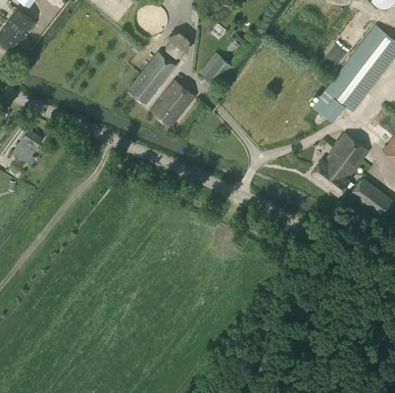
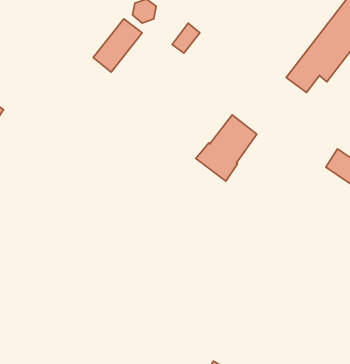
building: [149,80,194,127] -> none
building: [309,133,367,196] -> [196,115,257,181]

